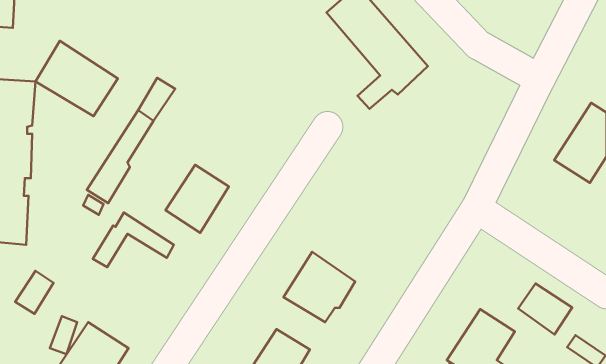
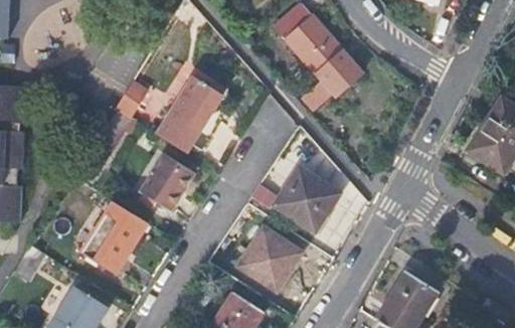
building: [36,41,118,116] -> none
building: none -> [157,77,223,153]
building: none -> [274,140,339,231]
building: none -> [82,212,141,274]
building: [518,284,572,334] -> none

